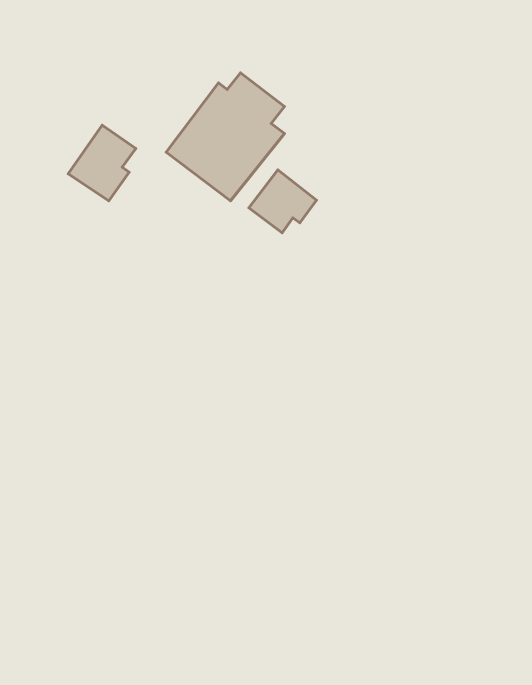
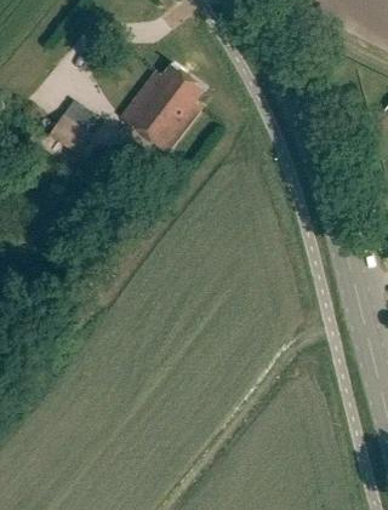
building: [249,170,317,233] -> none

